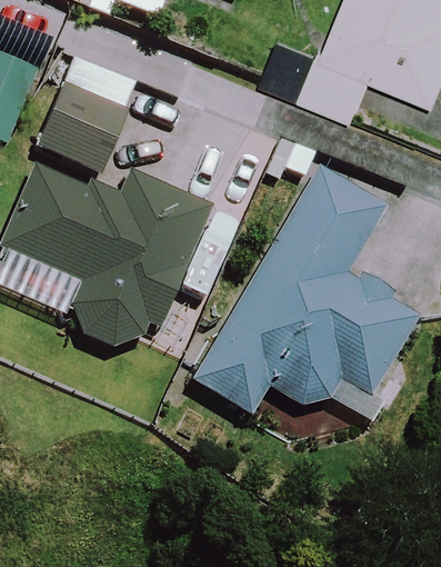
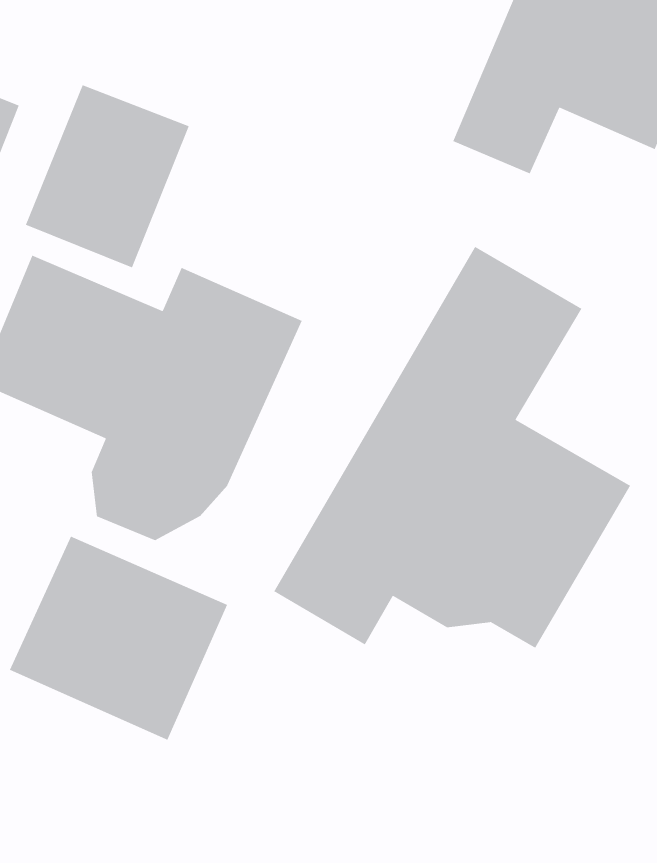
building: none -> [9,535,228,741]

